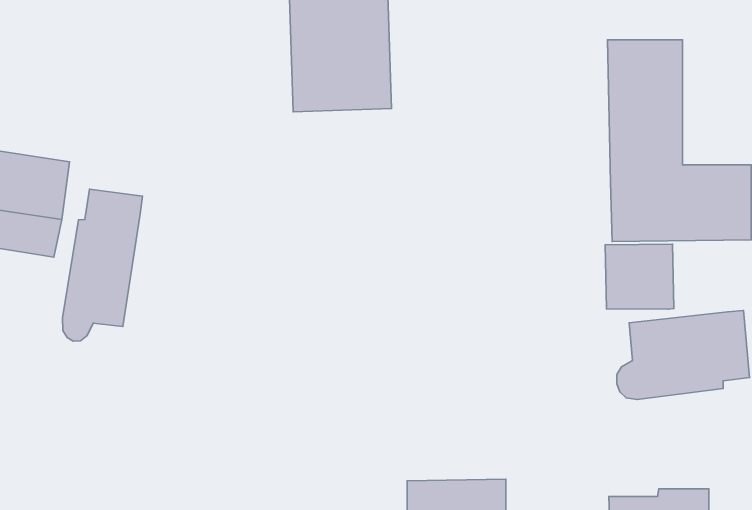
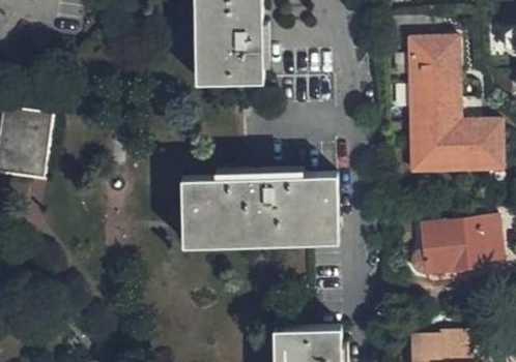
building: [62,189,143,341] -> none
building: [605,244,674,309] -> none
building: none -> [181,173,338,245]

